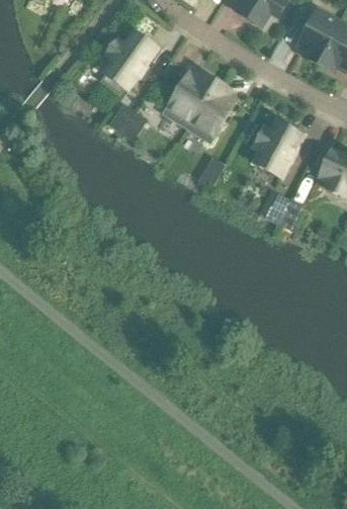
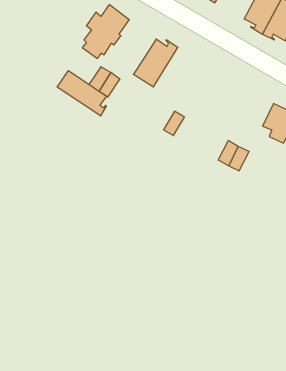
building: [186,80,236,142] -> none
building: none -> [57,71,106,116]
building: [253,119,302,175] -> none

